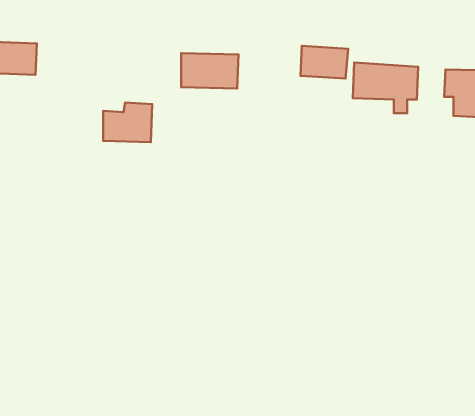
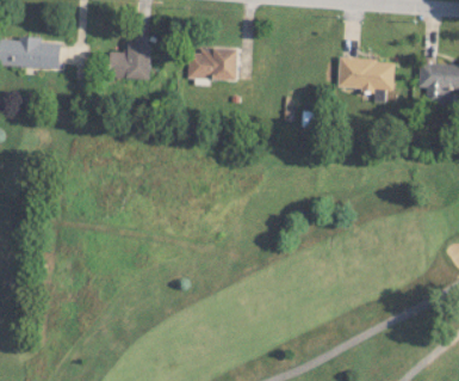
building: [300,46,348,79] -> none
building: [103,103,152,142] -> [108,44,151,79]

